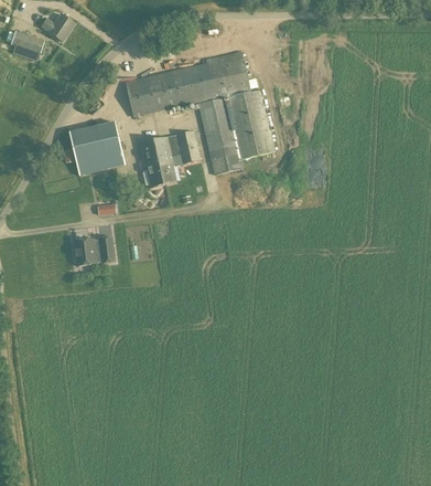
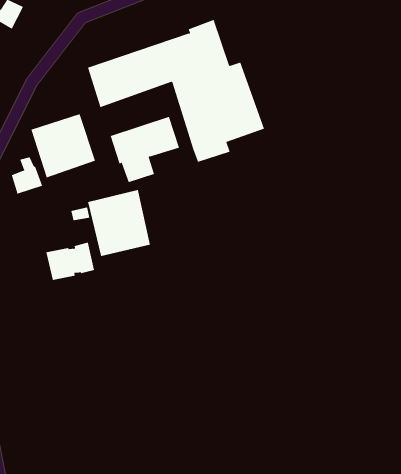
building: none -> [11,156,43,195]
building: none -> [87,189,151,257]

